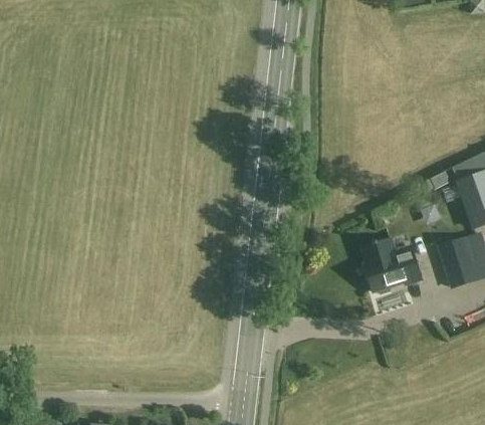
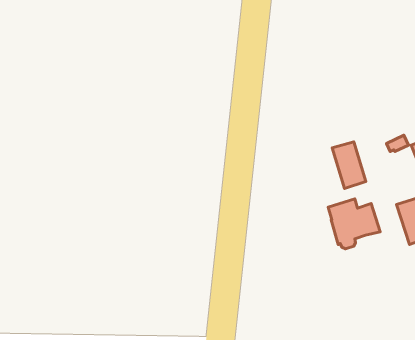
building: none -> [332,142,366,188]

